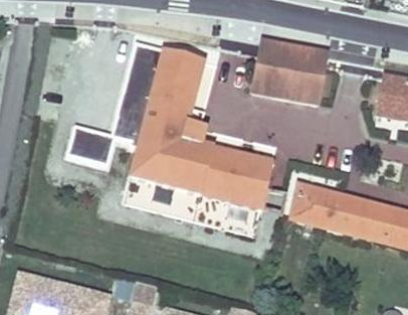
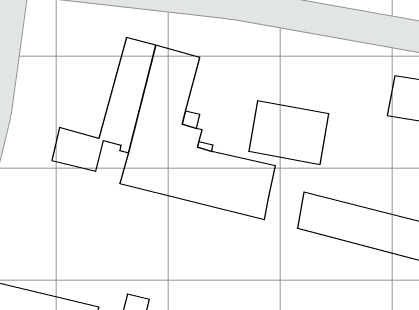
building: [254,44,328,103] -> [249,101,329,164]

